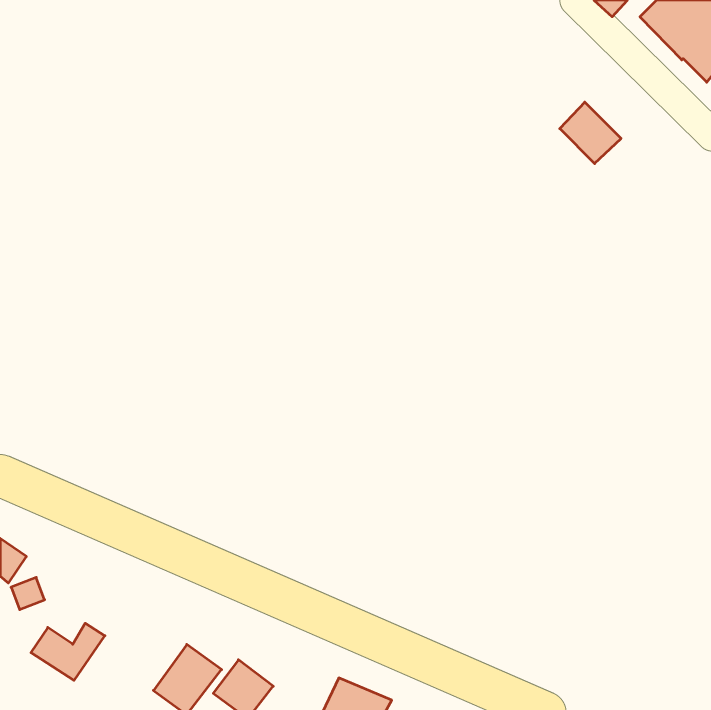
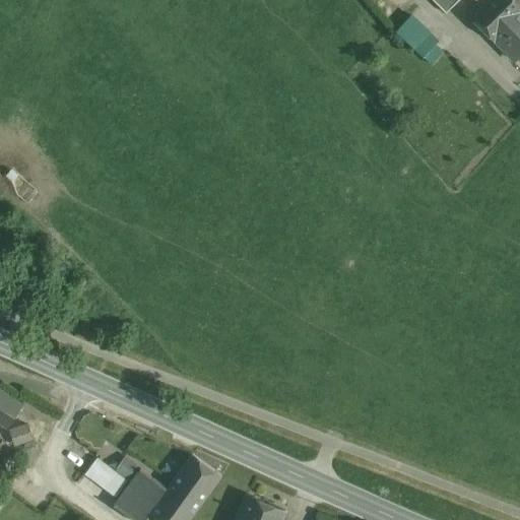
building: [560,102,621,164] -> [397,15,442,60]
building: [31,623,105,680] -> [84,453,138,495]
building: none -> [175,458,218,502]

